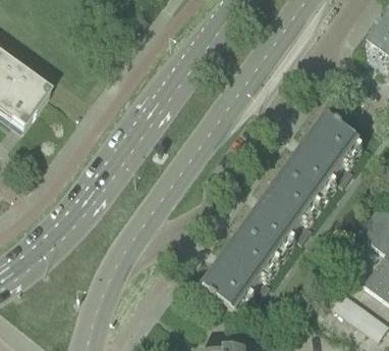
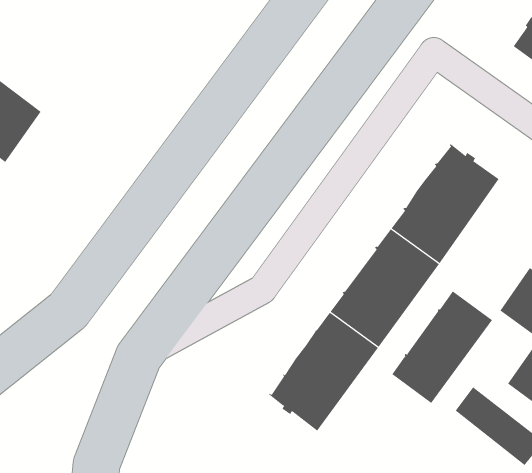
building: none -> [391,290,493,404]

